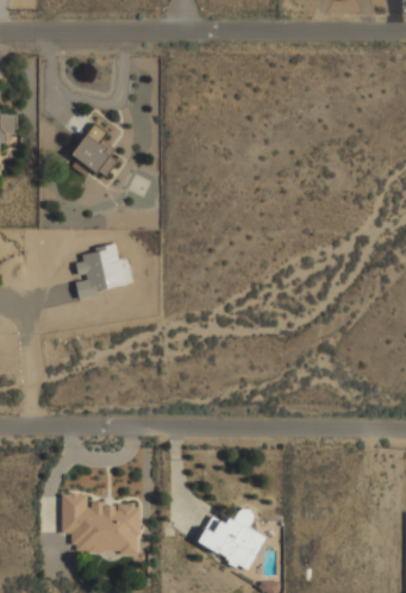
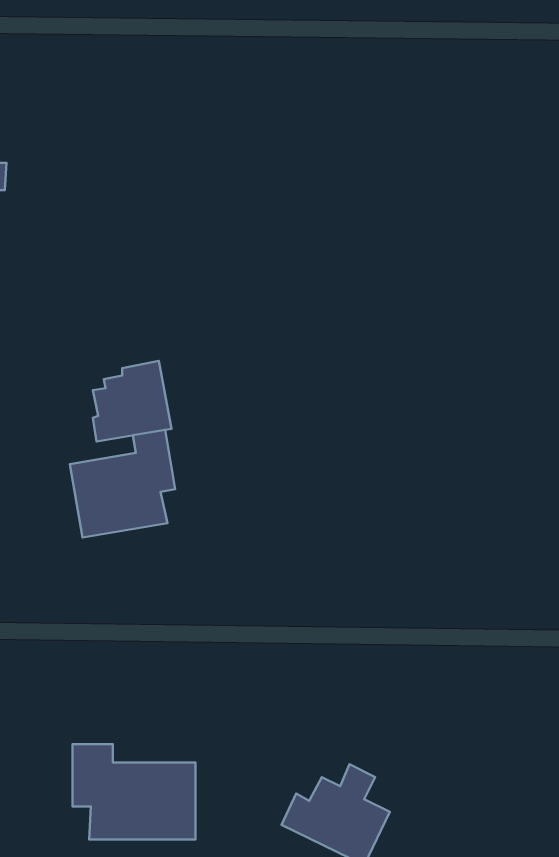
building: [65,123,119,177] -> none
building: none -> [70,430,175,538]

